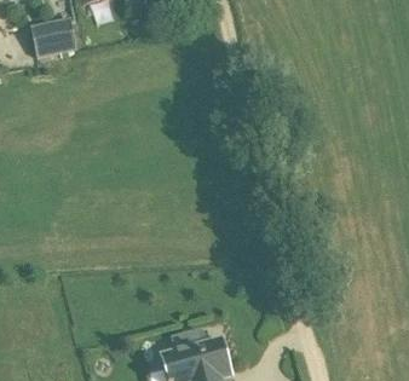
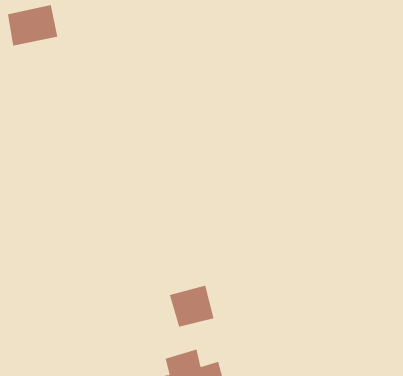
building: none -> [169,285,214,328]

